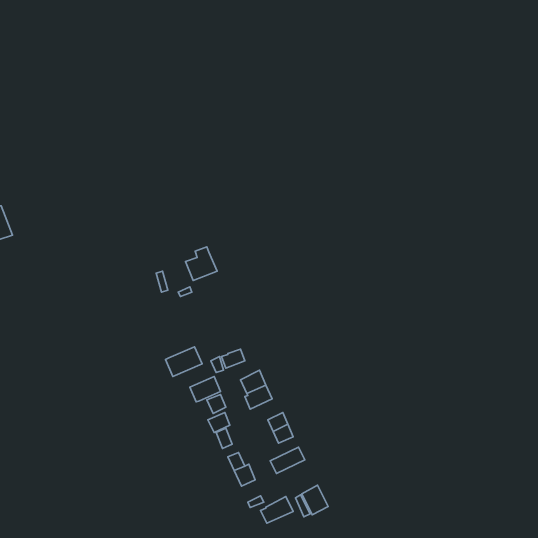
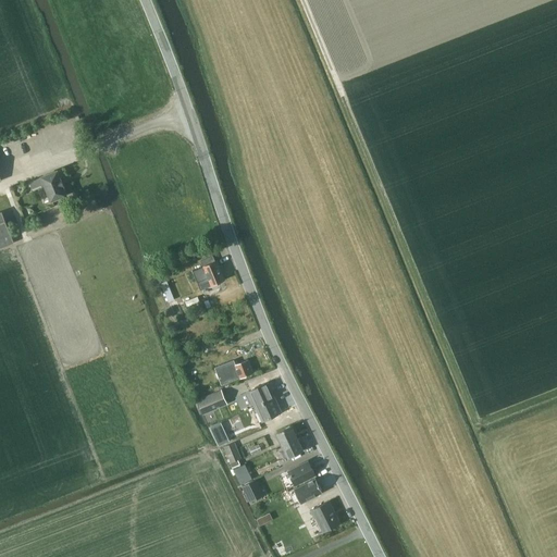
building: none -> [28,172,66,201]
building: [165,347,202,376] -> none
building: [260,497,293,523] -> [288,478,322,505]

